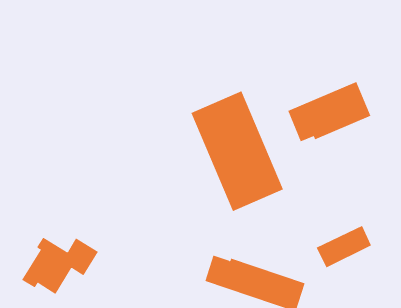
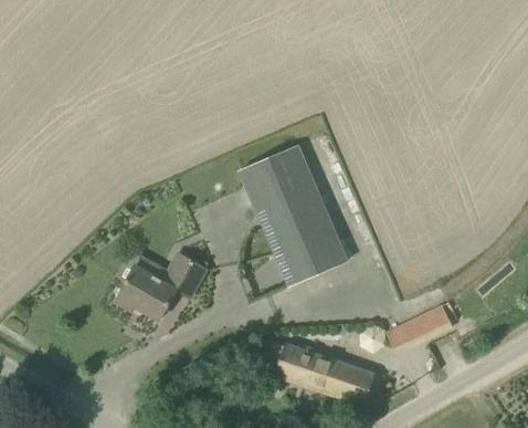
building: [288,81,371,142] -> none
building: [21,237,99,295] -> [115,252,207,321]

